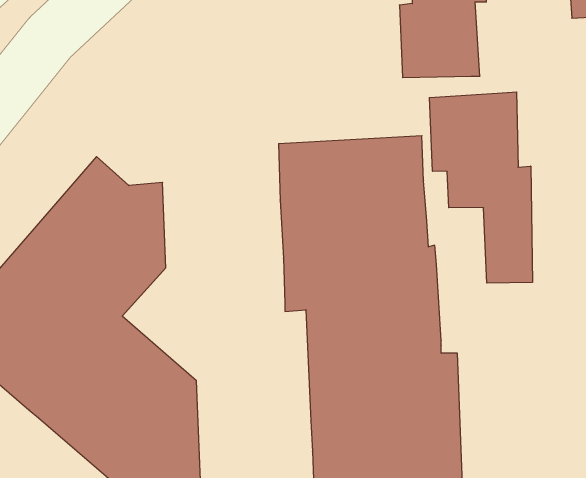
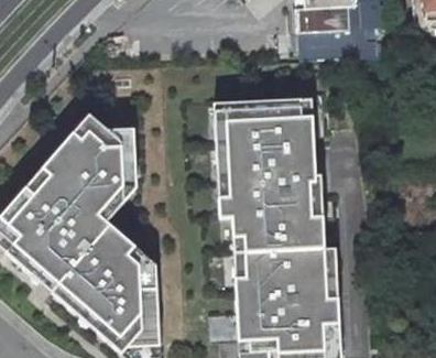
building: [429,92,532,283] -> none

